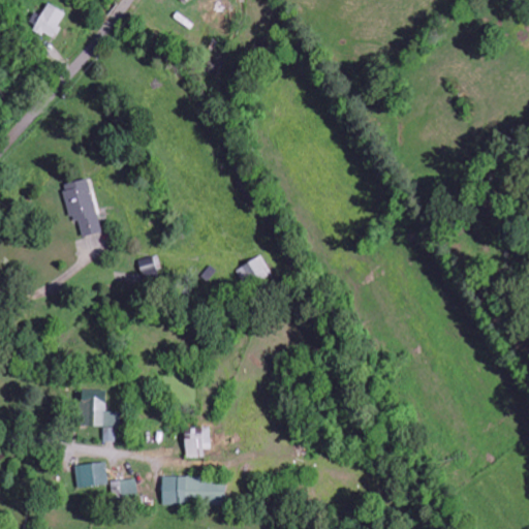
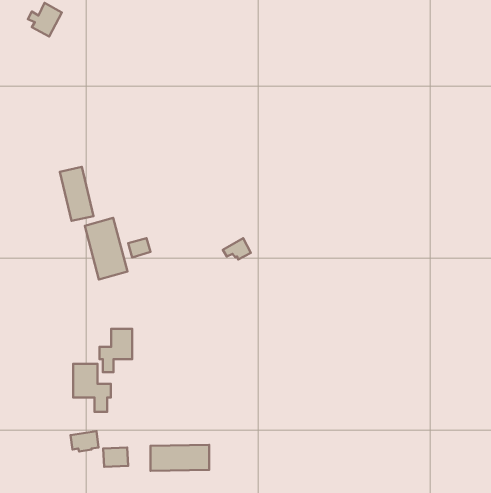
building: none -> [85,218,127,279]
building: none -> [99,329,132,372]
building: [183,429,210,459] -> none

